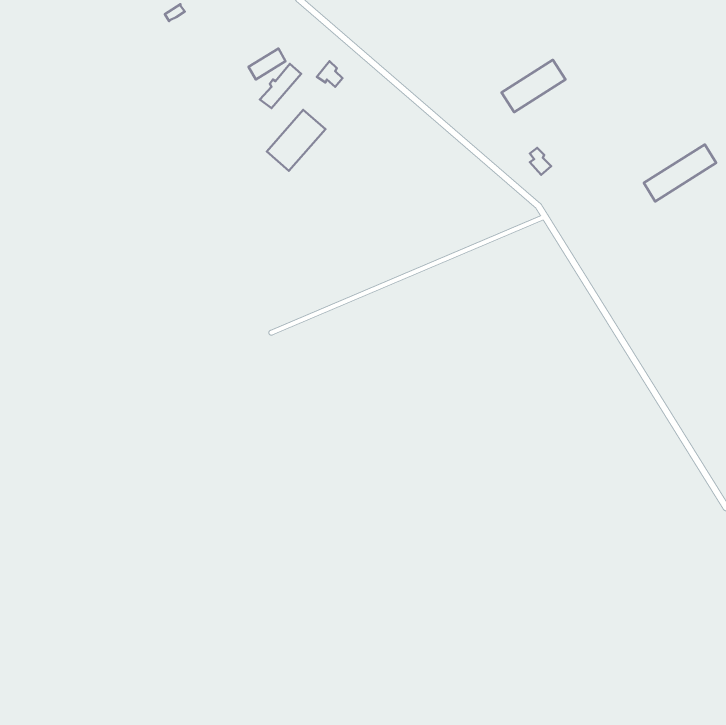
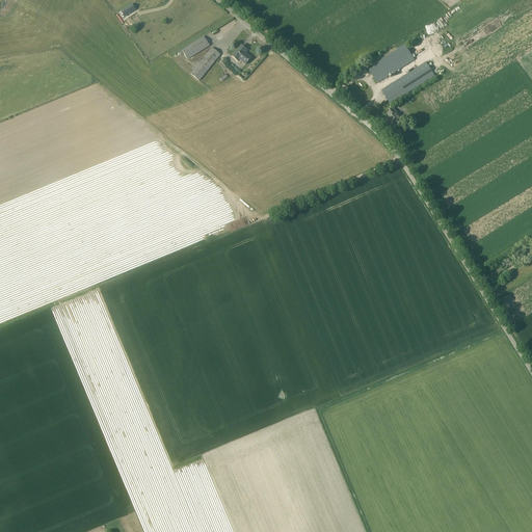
building: [267,110,325,171] -> none
building: [644,145,716,201] -> [381,61,434,103]

